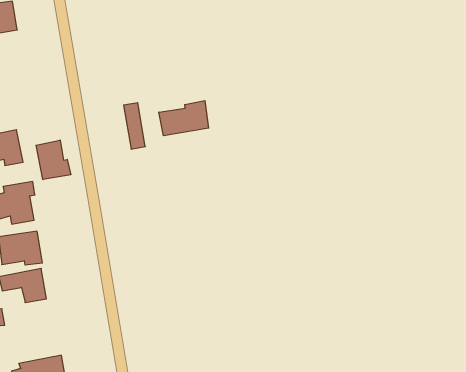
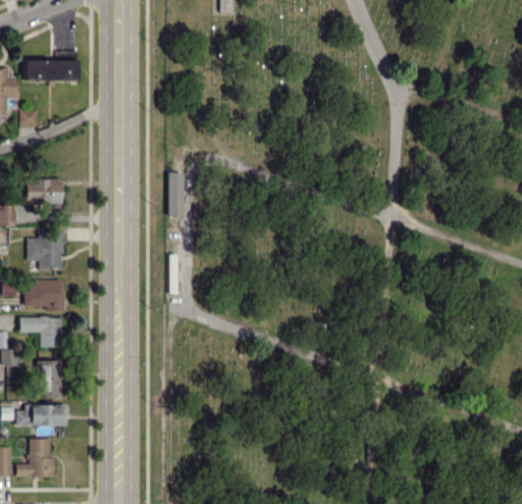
building: [159,101,209,136] -> none
building: [36,140,71,180] -> none
building: none -> [38,360,61,397]

